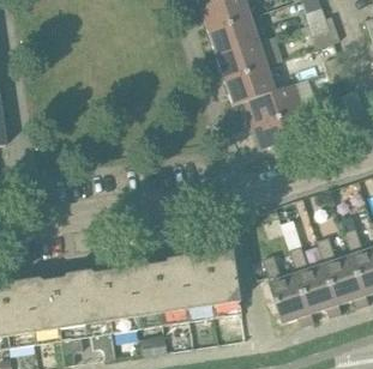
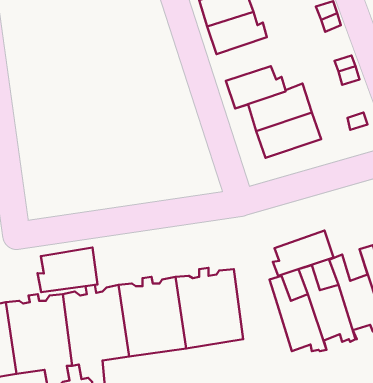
building: [216,38,266,78] -> none
building: none -> [273,230,334,276]
building: none -> [37,248,98,292]

